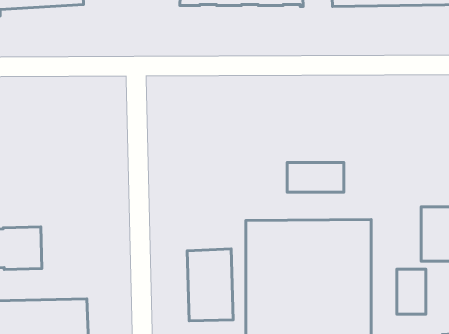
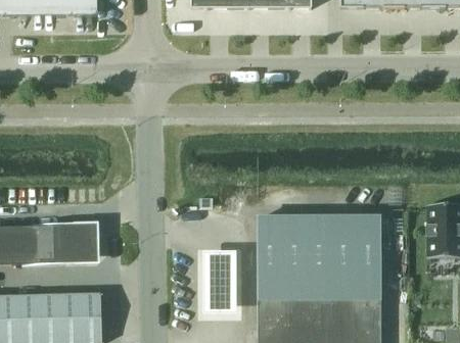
building: [287,162,344,192] -> none
building: none -> [55,222,101,264]
building: [397,269,426,314] -> none

